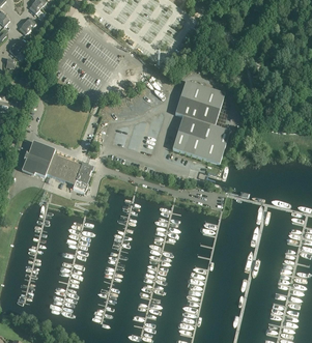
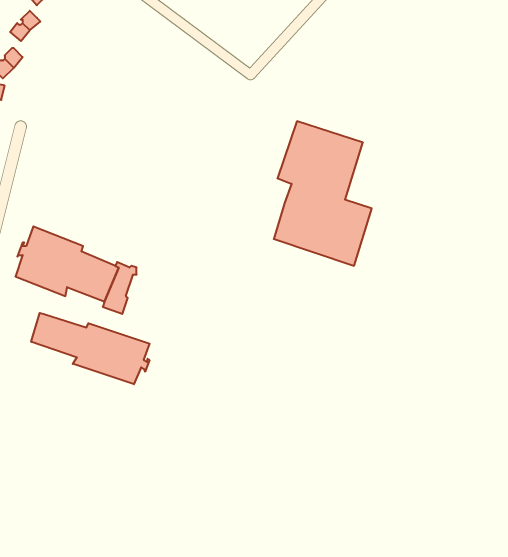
building: none -> [31,313,150,384]

